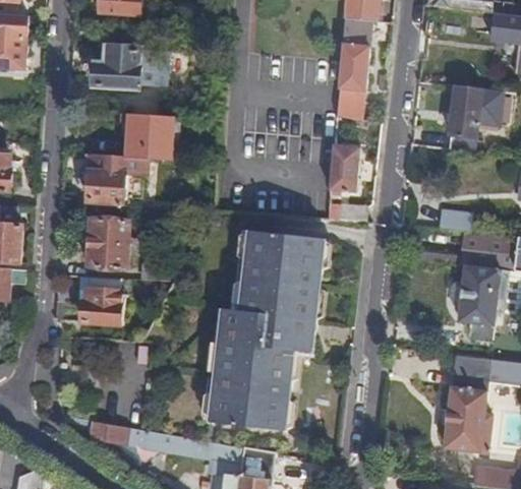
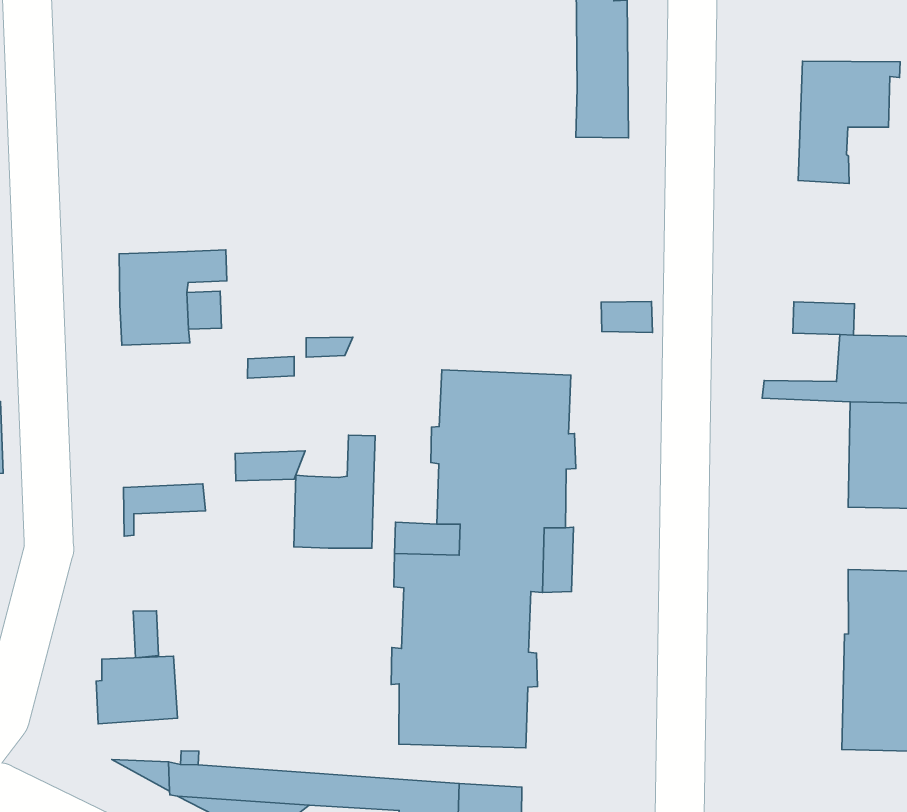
building: [95,48,168,88] -> none
building: [125,114,173,160] -> none
building: [327,144,358,202] -> none
building: [86,220,134,270] -> none
building: none -> [294,435,375,548]
building: [79,291,122,325] -> [96,656,177,724]

